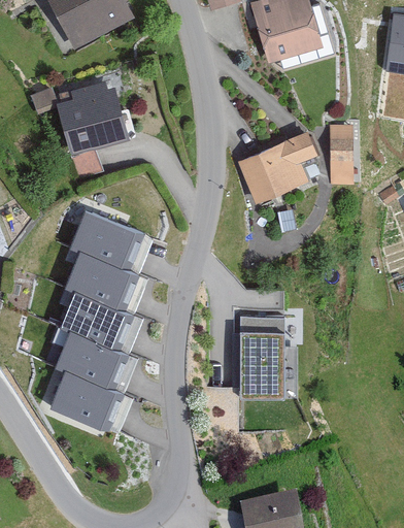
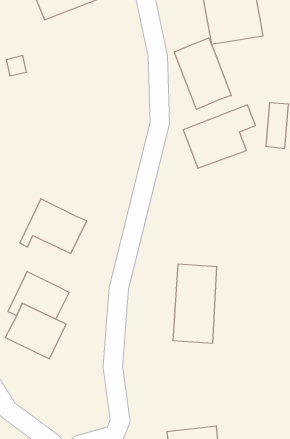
building: none -> [174,38,231,109]
building: [58,80,129,154] -> none
building: [66,210,138,267] -> none
building: [58,292,127,350] -> none

